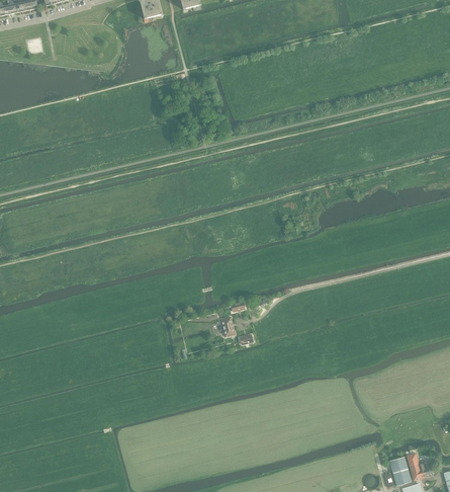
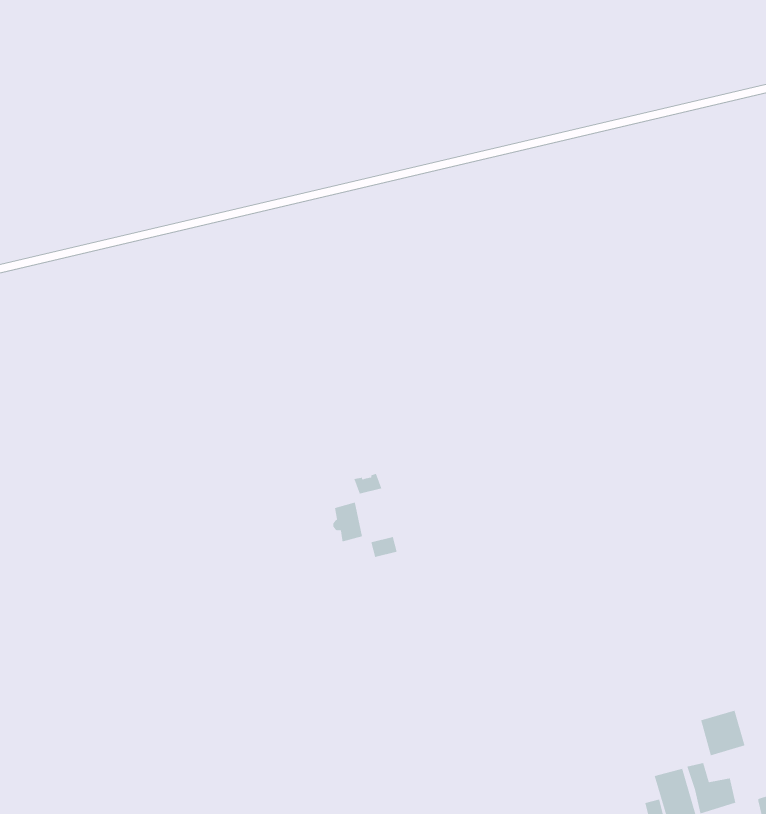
building: none -> [700,710,745,756]

